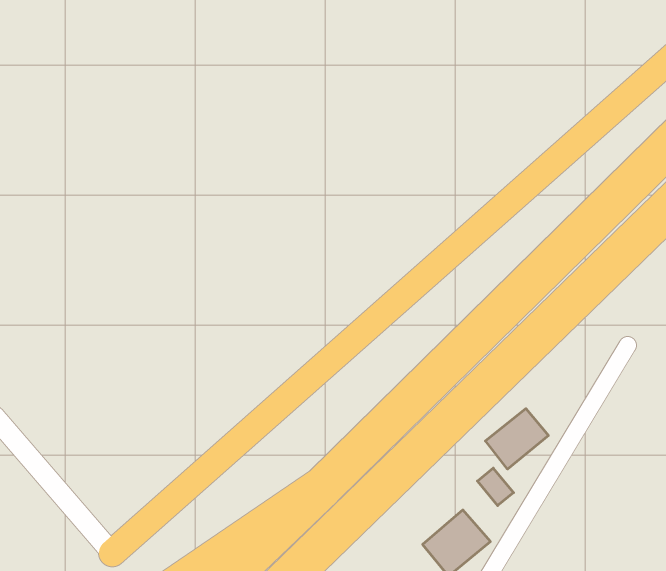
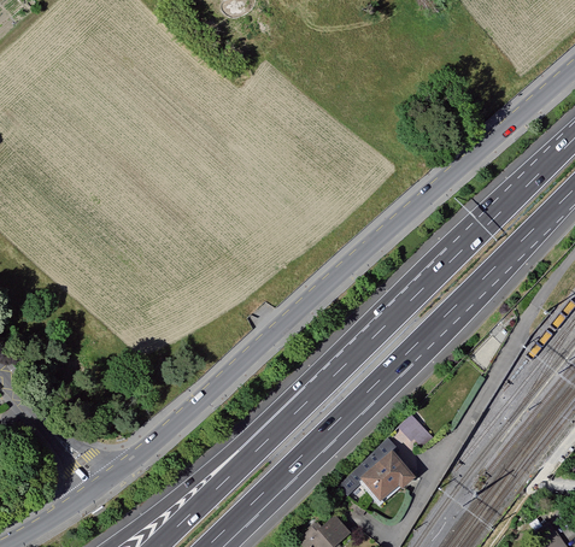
building: [485,409,548,469] -> none

